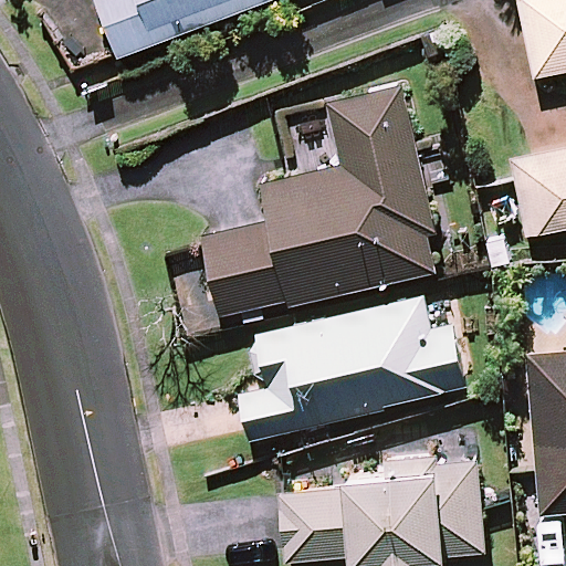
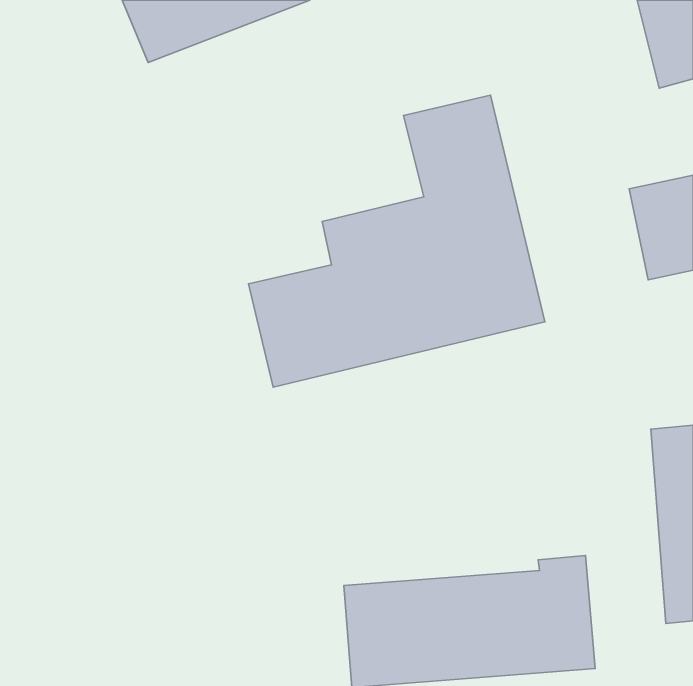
building: [241,291,467,440] -> none

